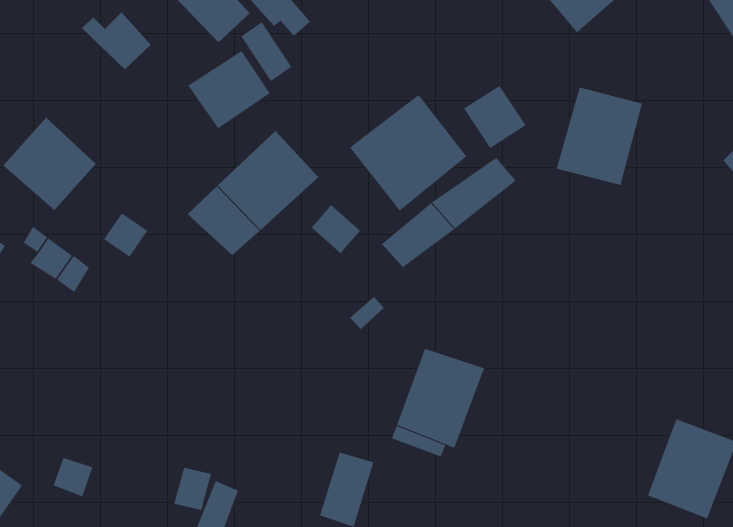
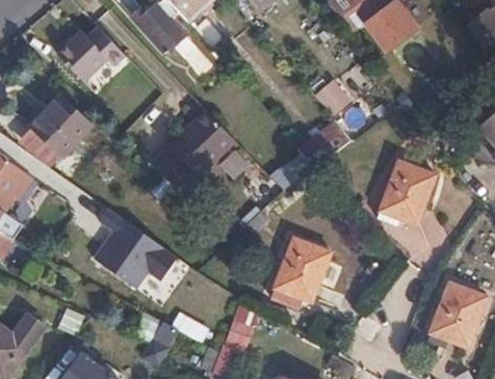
building: none -> [60,42,106,87]
building: [188,50,270,129] -> none
building: [556,87,643,186] -> [381,164,435,225]
building: [349,94,467,212] -> none
building: none -> [96,206,191,303]

